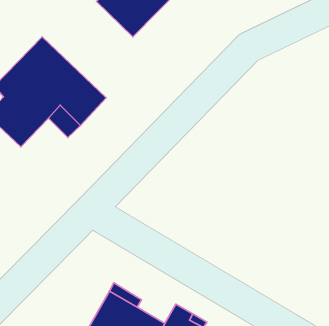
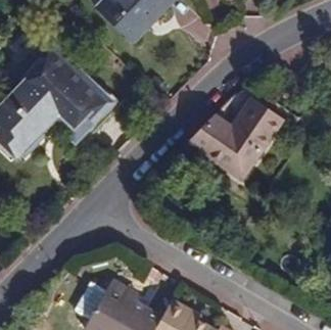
building: none -> [188,99,283,179]

